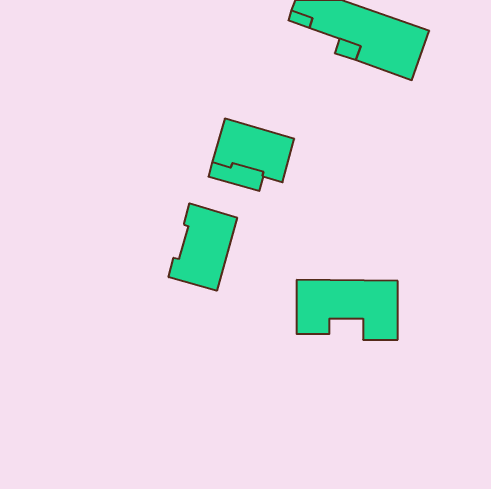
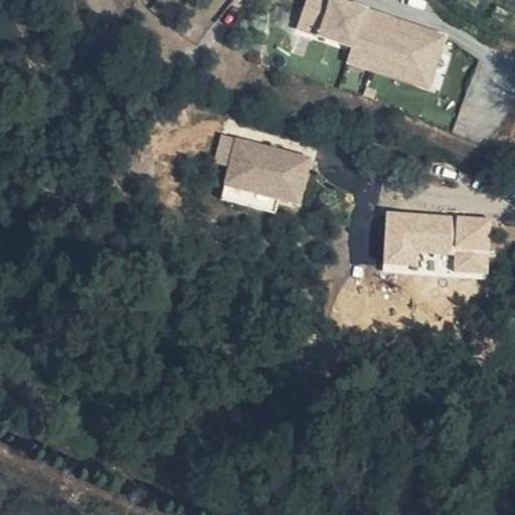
building: [169,203,237,291] -> none
building: [297,280,398,340] -> [383,215,489,278]

